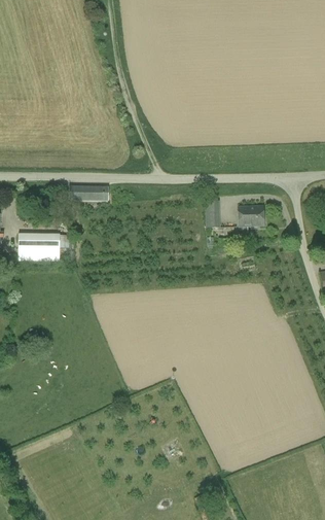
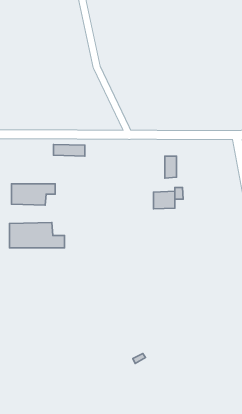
building: [239,204,264,226] -> [154,191,175,209]
building: none -> [10,222,65,248]

